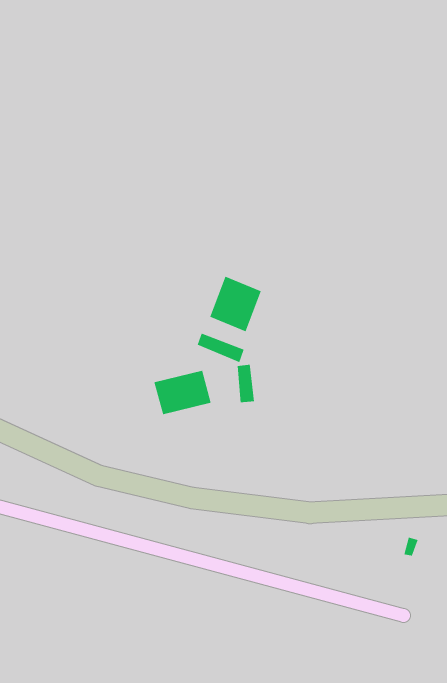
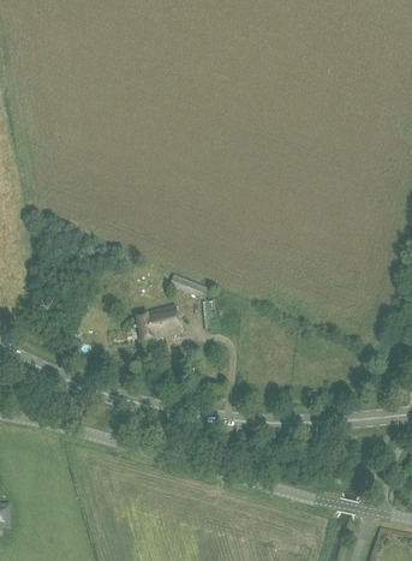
building: [209,276,262,332] -> none

